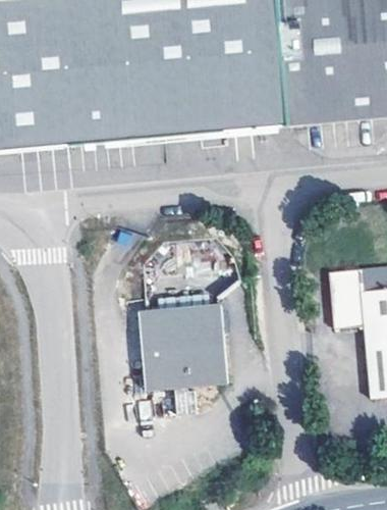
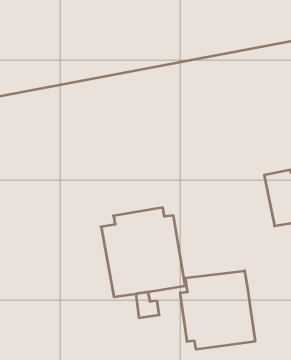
building: none -> [180,271,255,349]

